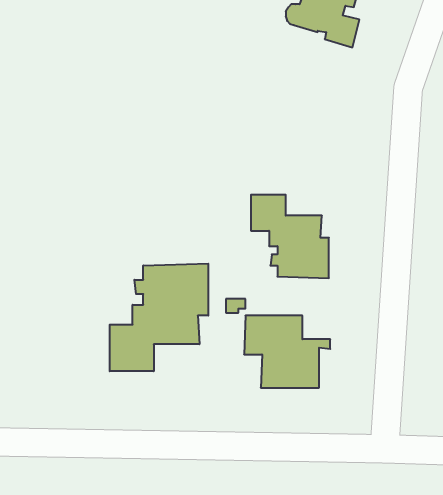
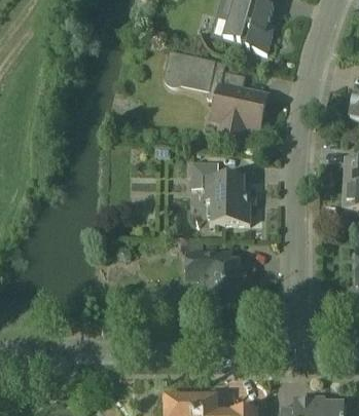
building: none -> [165,50,265,139]
building: [110,264,208,371] -> none

